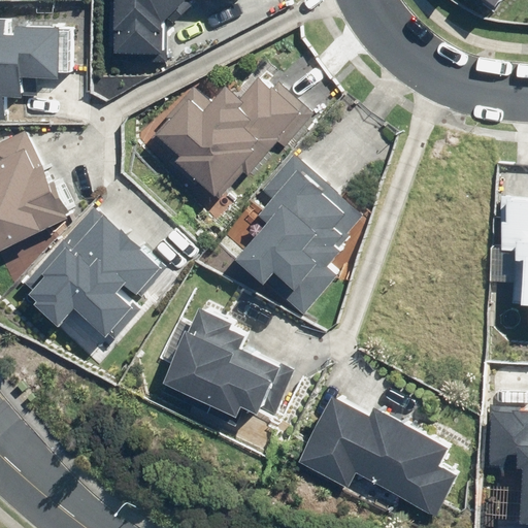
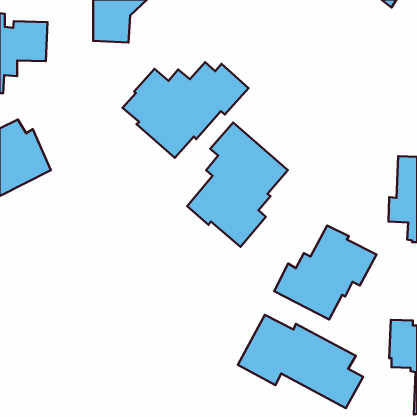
building: [19,212,158,338] -> none
building: none -> [274,225,376,319]
building: [163,308,280,424] -> none

